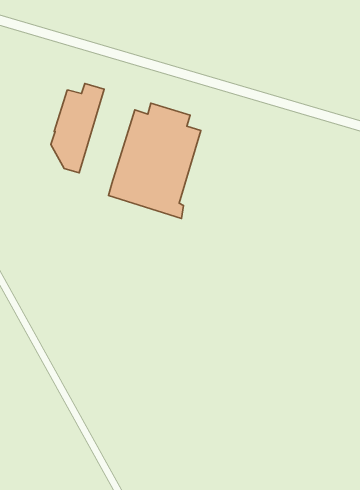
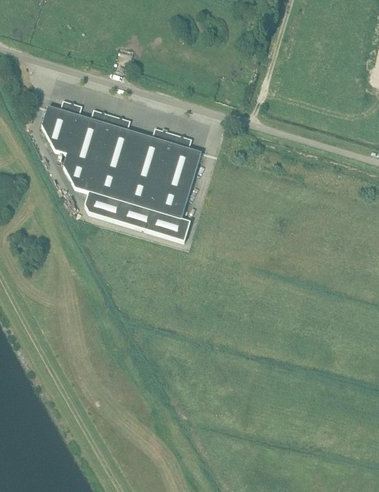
building: none -> [43,102,84,155]
building: none -> [86,116,142,222]

